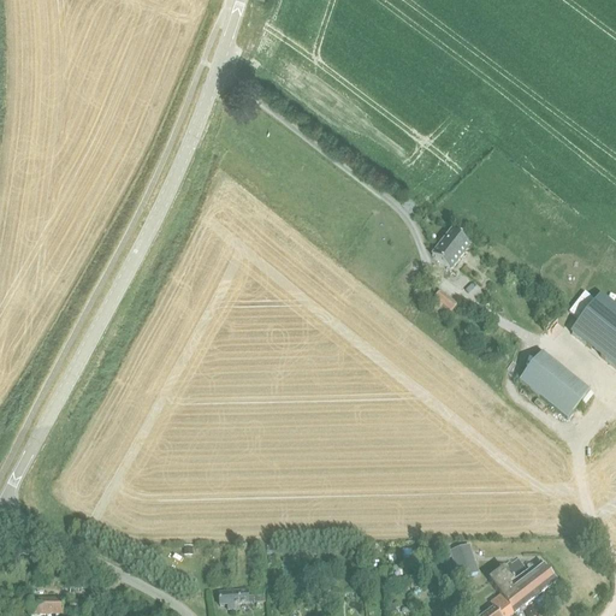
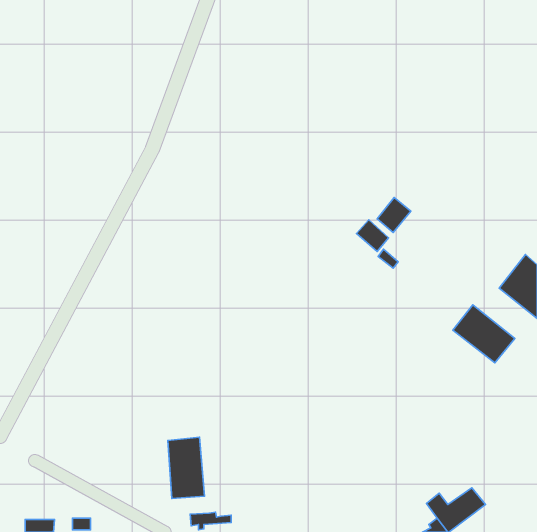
building: none -> [356,220,389,251]
building: none -> [168,437,204,499]
building: [450,541,478,574] -> none

